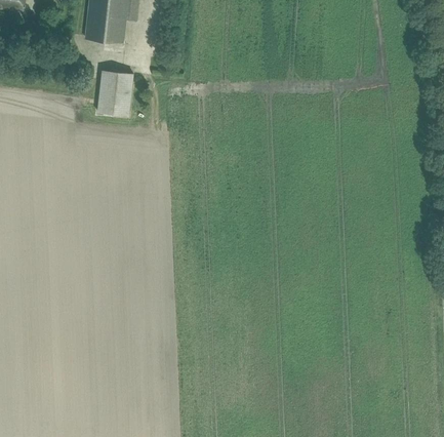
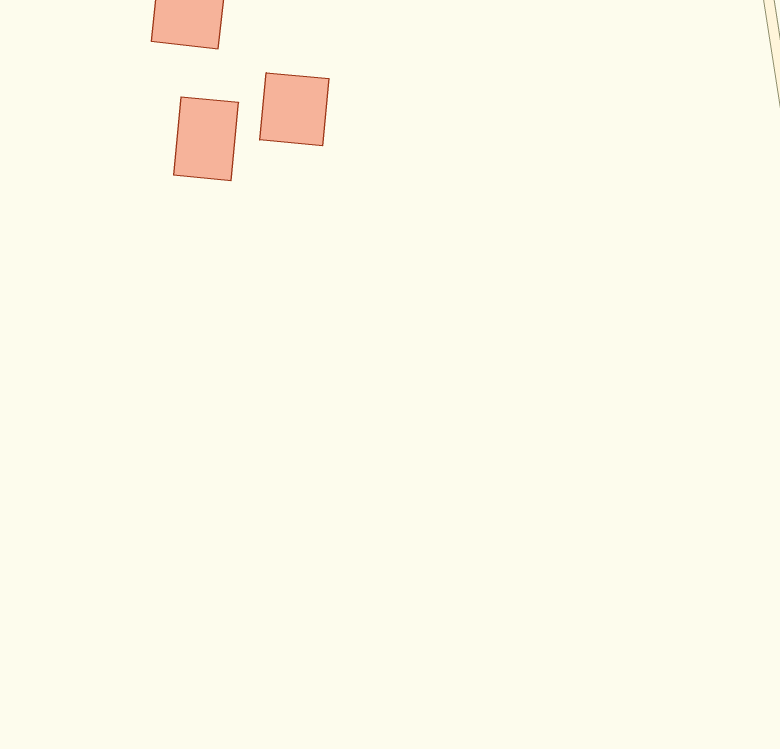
building: none -> [260,73,329,146]

